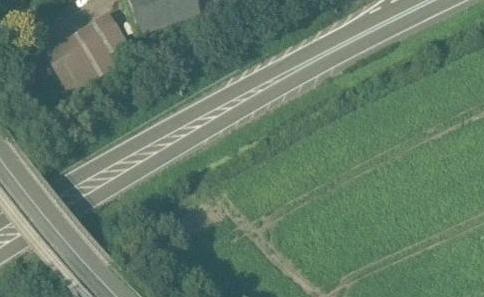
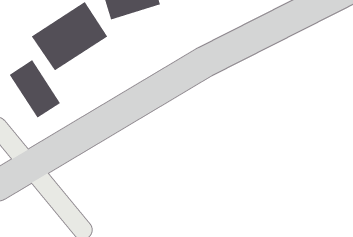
building: none -> [9,59,61,119]

